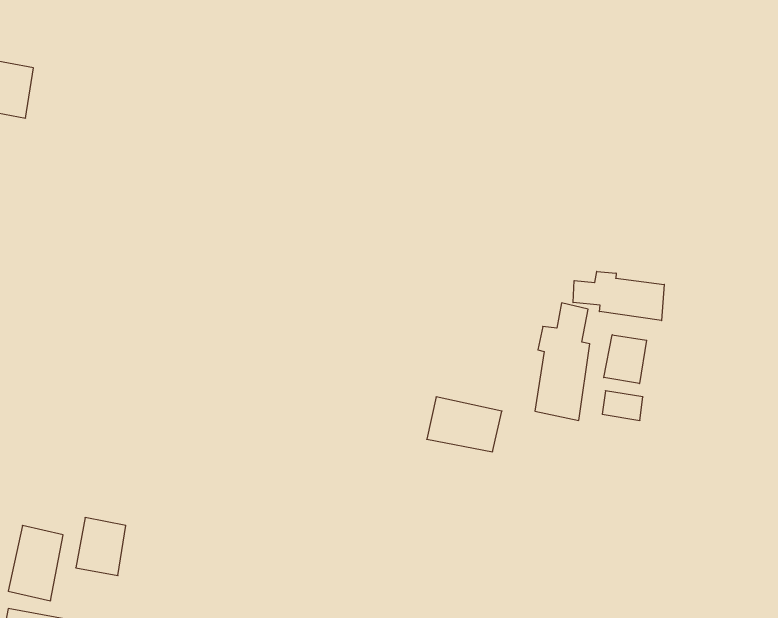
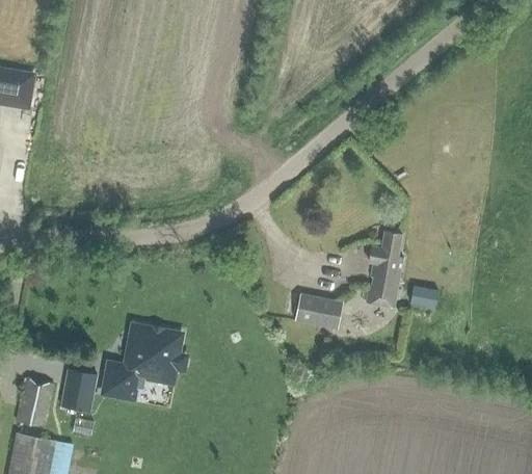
building: [573,271,664,321] -> none
building: [604,335,647,384] -> none
building: none -> [104,326,184,398]

